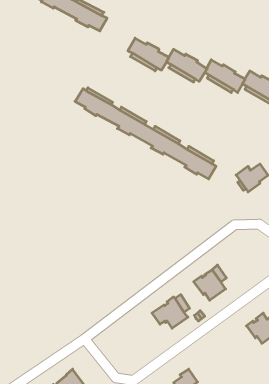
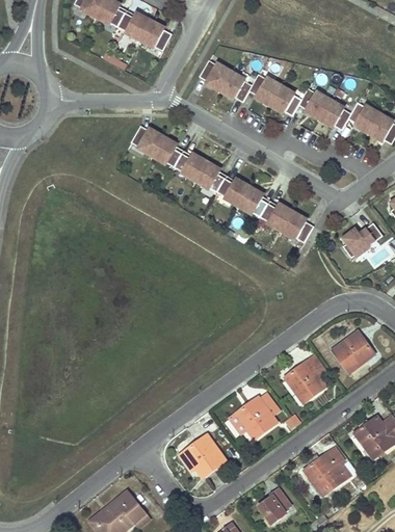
building: none -> [333,330,374,369]
building: none -> [179,433,227,474]
building: none -> [305,449,346,493]

